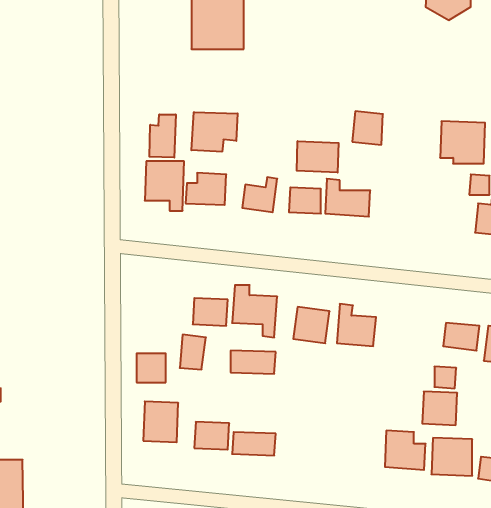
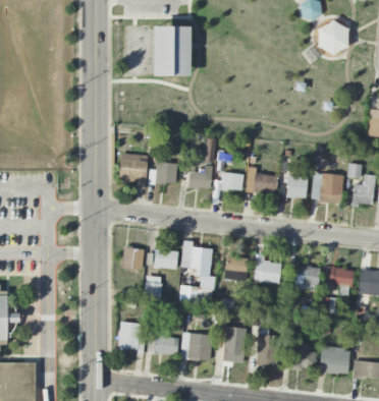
building: [352,111,383,145] -> [285,175,307,198]
building: [191,112,238,152] -> none
building: [149,114,176,158] -> none
building: [440,121,485,164] -> [311,173,342,203]
building: [297,141,339,173] -> none
building: [137,353,166,382] -> [122,247,143,268]
building: [422,392,457,425] -> [295,266,320,289]
building: none -> [223,327,247,362]
building: none -> [257,334,278,365]

